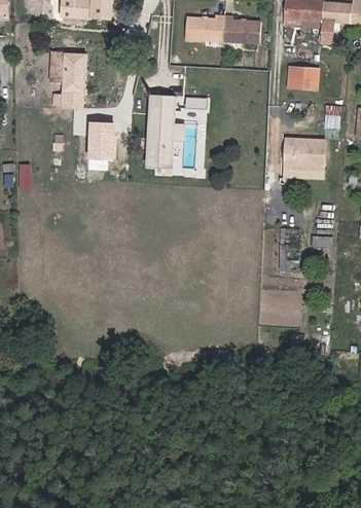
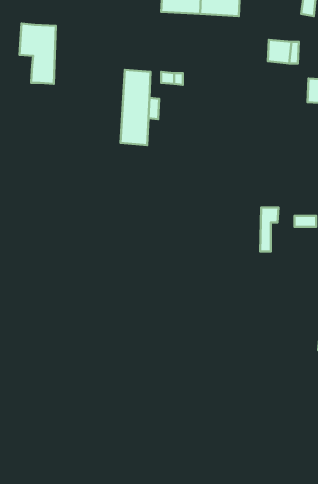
building: [92,123,112,158] -> none
building: [284,139,324,170] -> none

